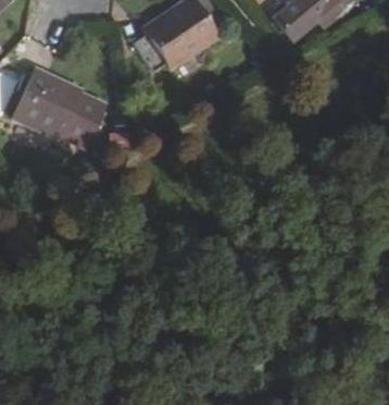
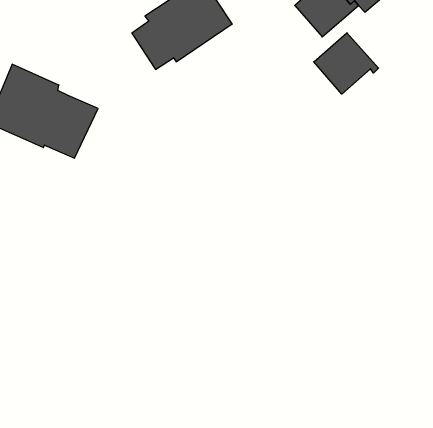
building: none -> [314,33,379,94]

